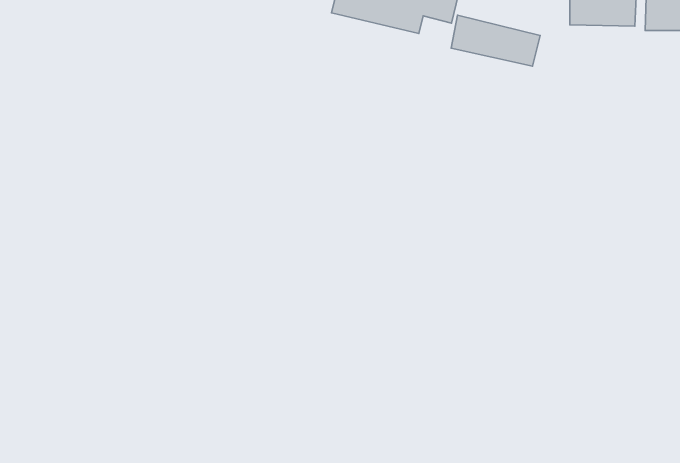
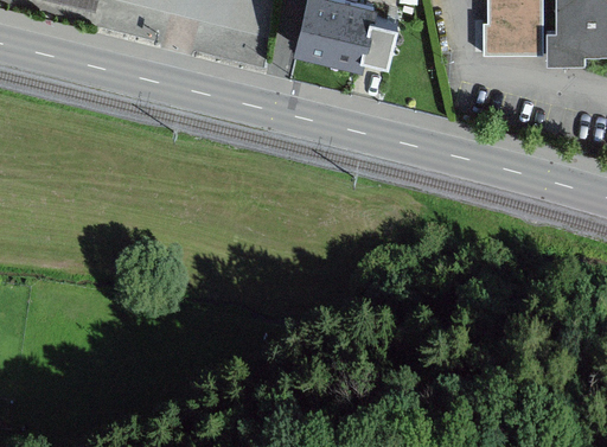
building: [451,15,540,66] -> none

